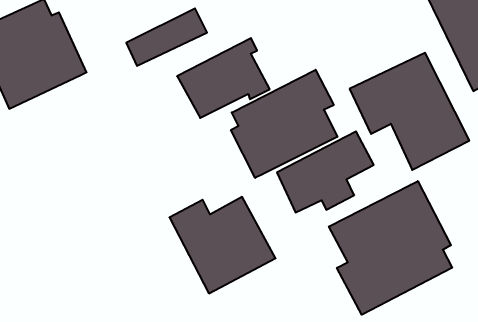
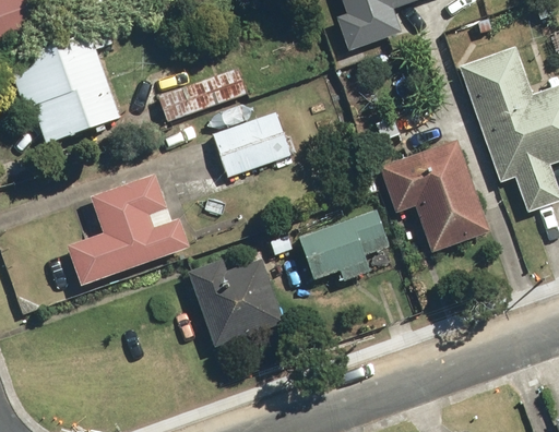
building: [231,70,337,178] -> none
building: none -> [68,171,188,284]
building: [329,181,452,315] -> none

